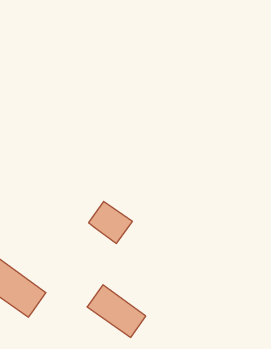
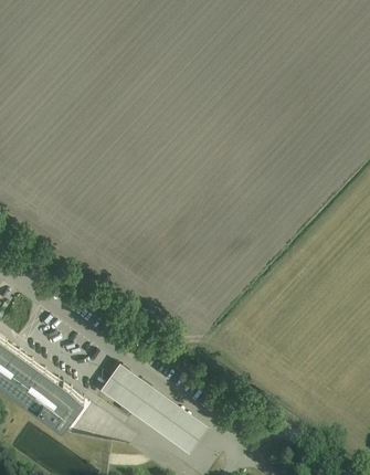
building: [89,201,132,243] -> [102,363,157,416]

